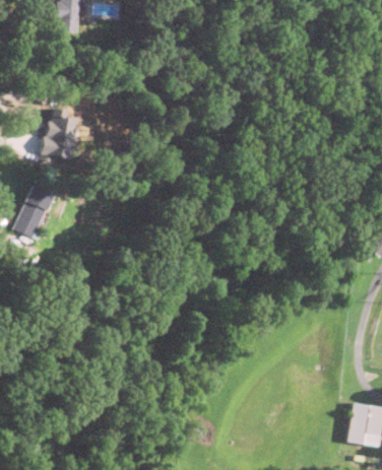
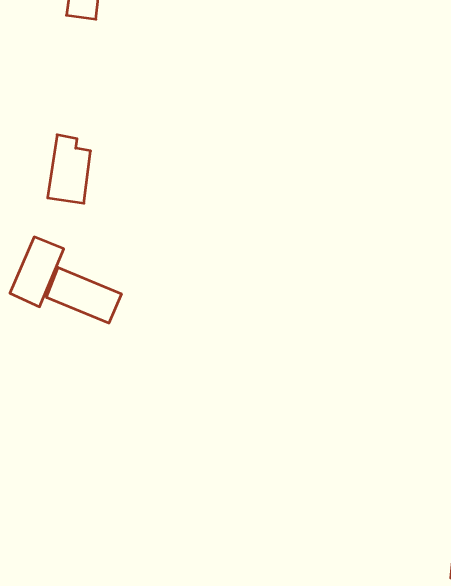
building: none -> [47,267,121,323]

